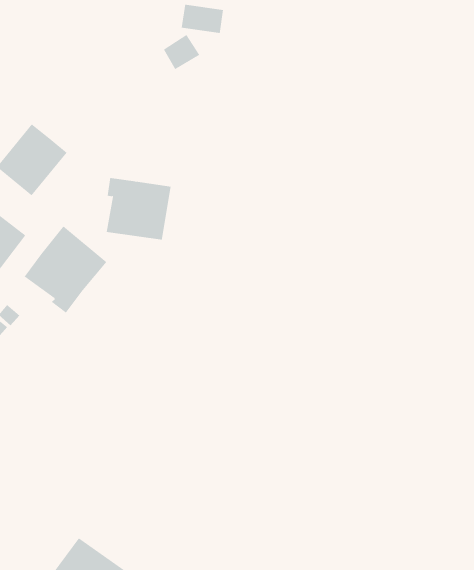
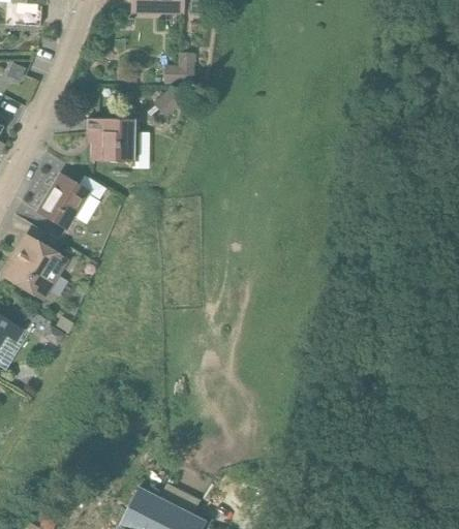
building: [106,177,171,240] -> [87,118,135,160]
building: [24,225,107,314] -> none

